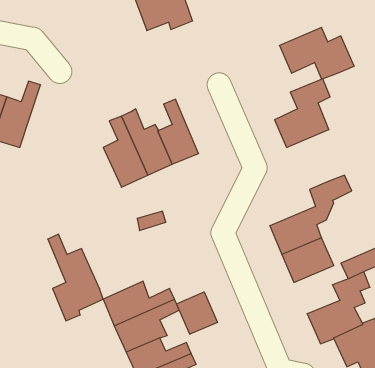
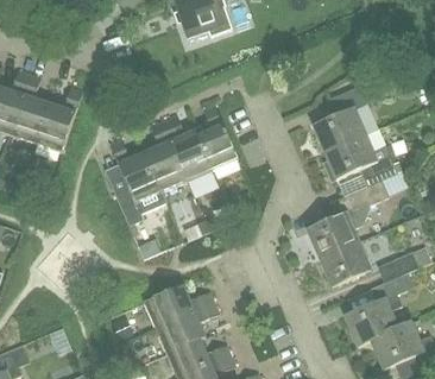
building: [279,27,354,79] -> [324,134,398,185]
building: [48,234,103,321] -> [111,138,165,223]
building: [177,292,217,334] -> none

